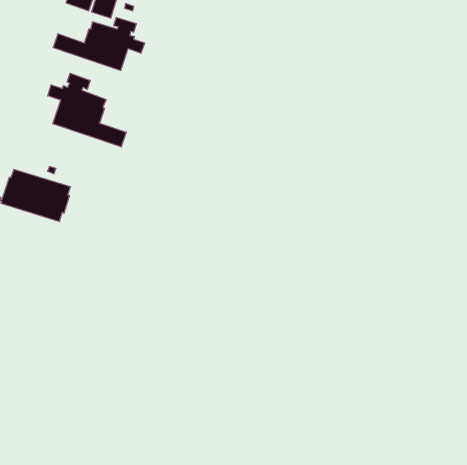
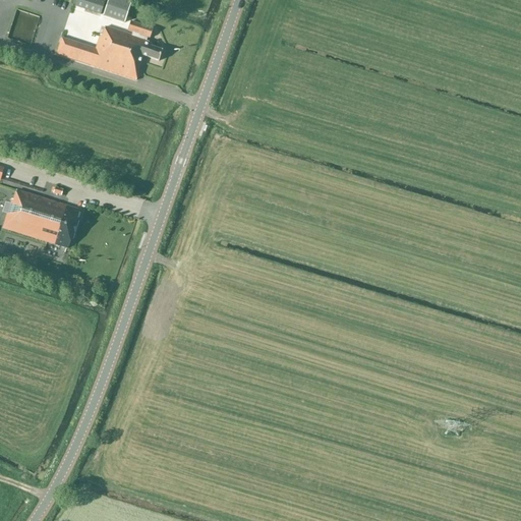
building: [48,73,126,147] -> none

